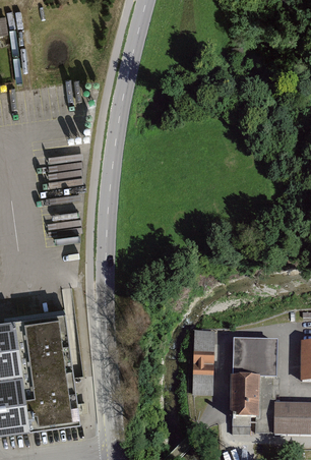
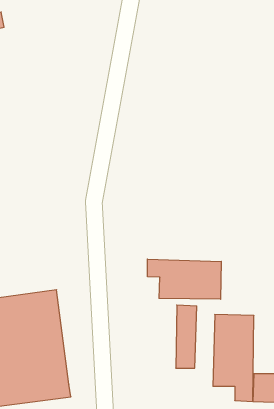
building: none -> [147,259,221,299]

